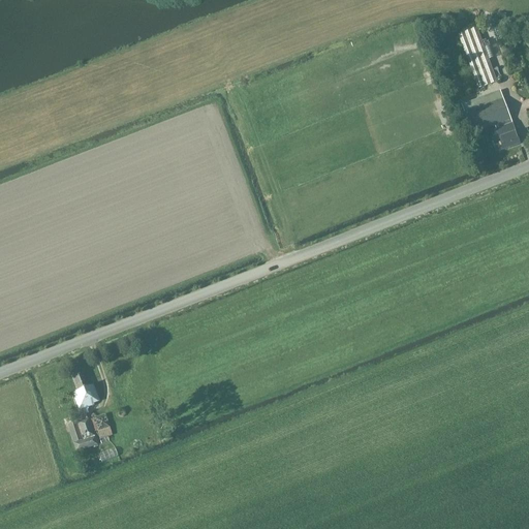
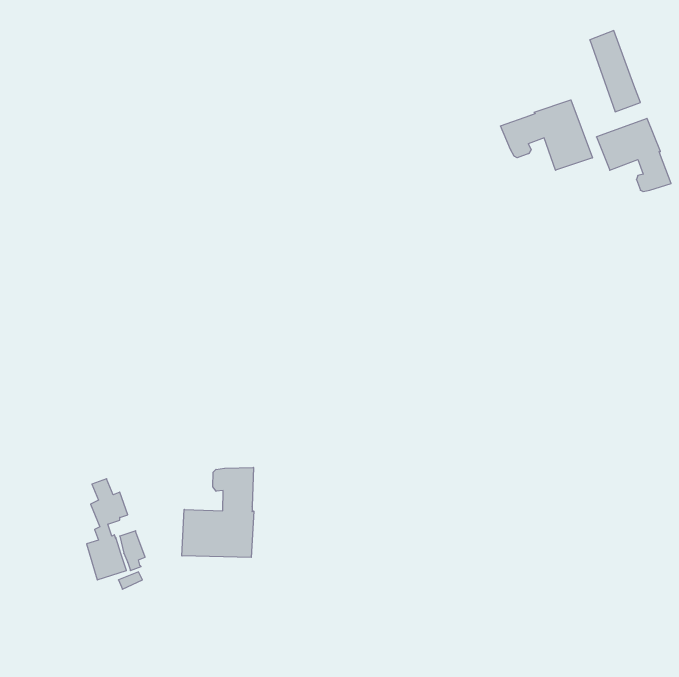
building: none -> [501,100,592,170]
building: none -> [182,467,254,557]

